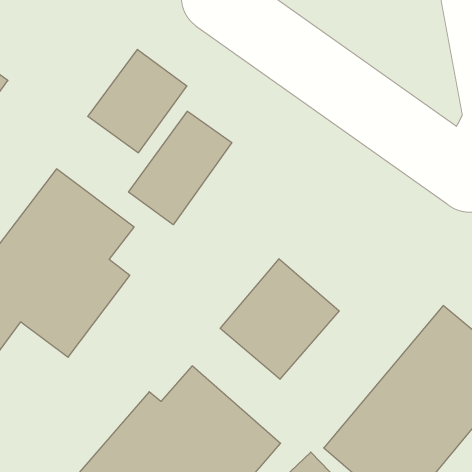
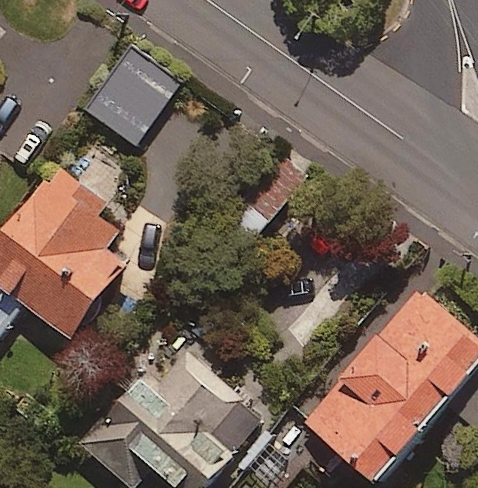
building: [129,111,232,225] -> none
building: [220,259,339,379] -> none

